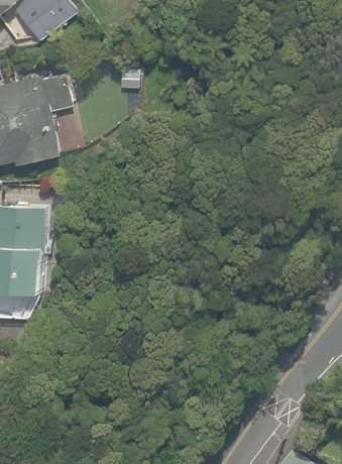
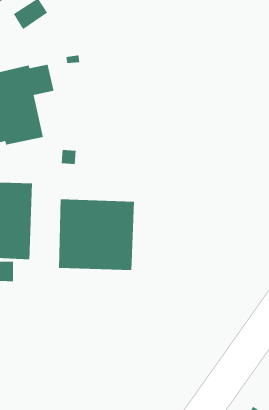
building: none -> [58,199,135,271]

